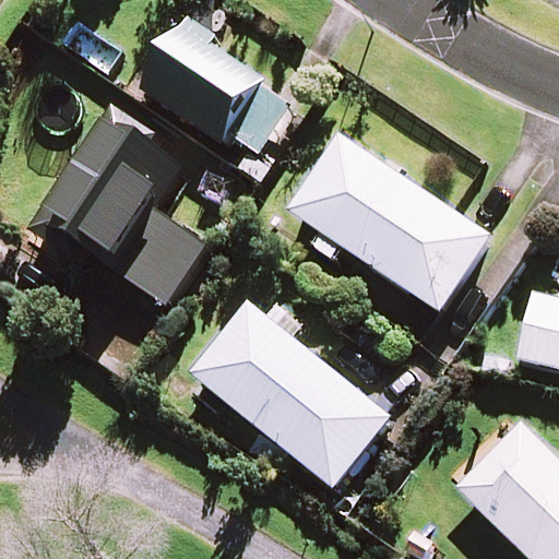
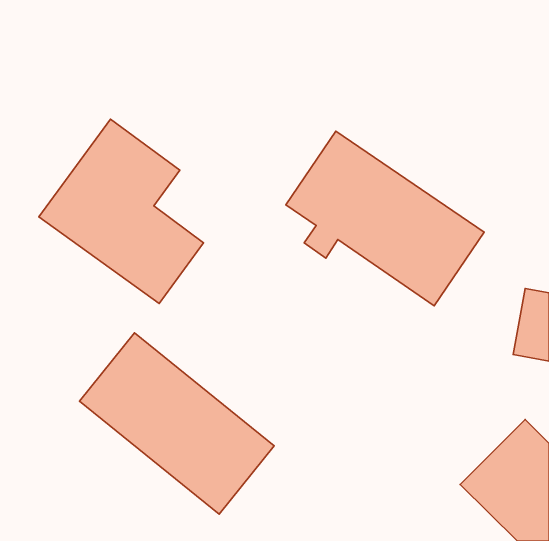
building: [142,24,294,160] -> none
building: [191,301,388,484] -> [79,333,274,514]

